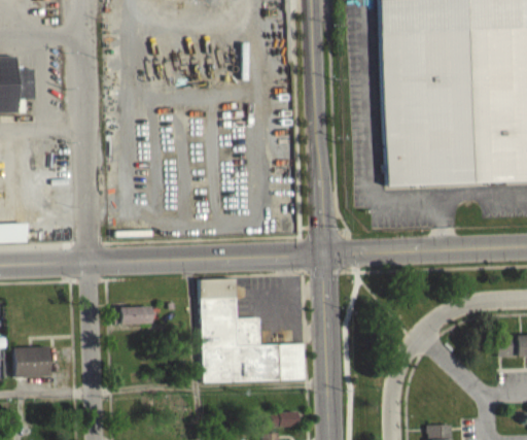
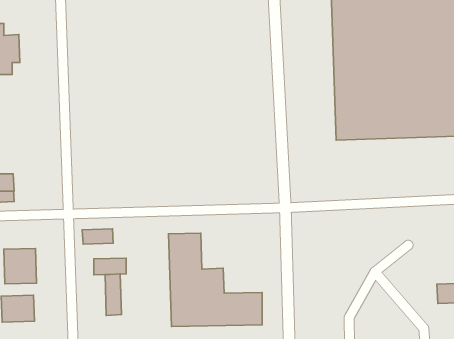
building: none -> [82,229,113,244]
building: none -> [4,248,37,284]
building: none -> [105,274,121,315]

